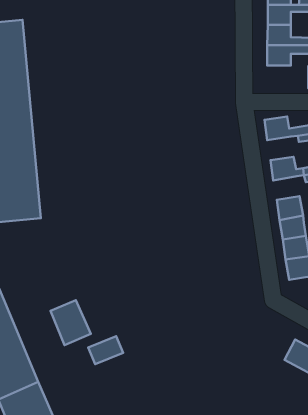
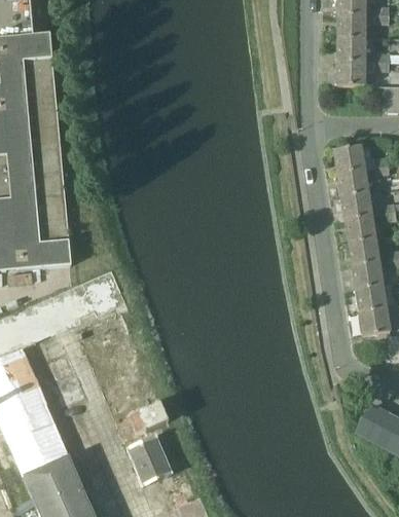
building: none -> [336,169,367,196]
building: none -> [343,215,374,243]
building: [51,300,91,345] -> [125,435,173,487]

